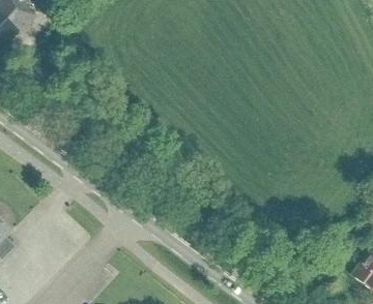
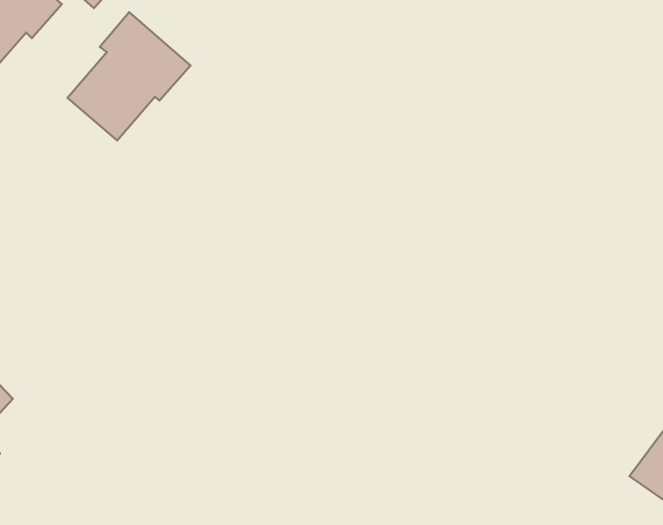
building: none -> [68,12,191,140]

